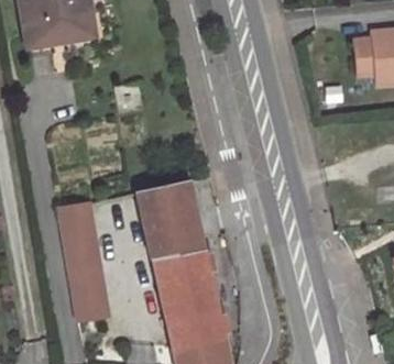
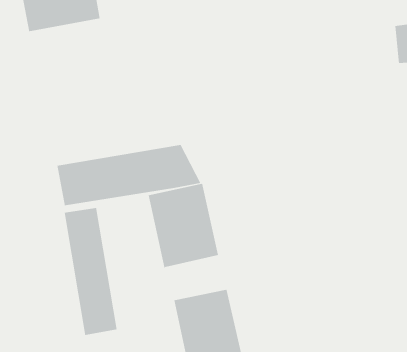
building: none -> [57,144,201,206]
building: [152,246,207,287] -> none

